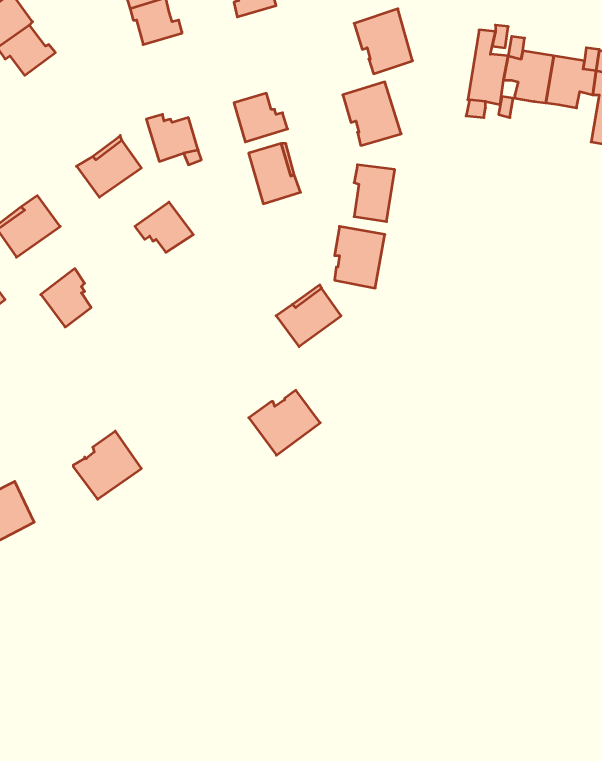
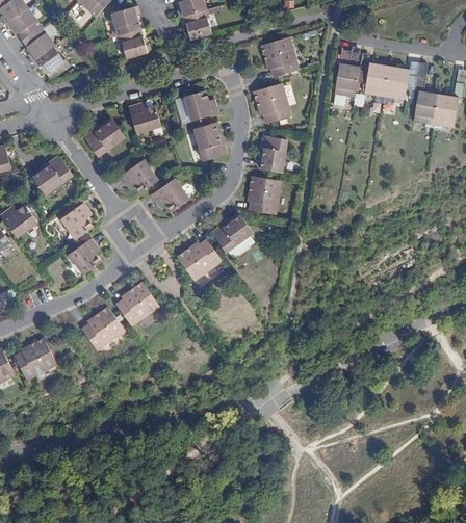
building: none -> [152,178,189,210]
building: none -> [69,237,100,273]
building: [249,390,320,455] -> [177,238,223,280]
building: none -> [115,282,159,325]

